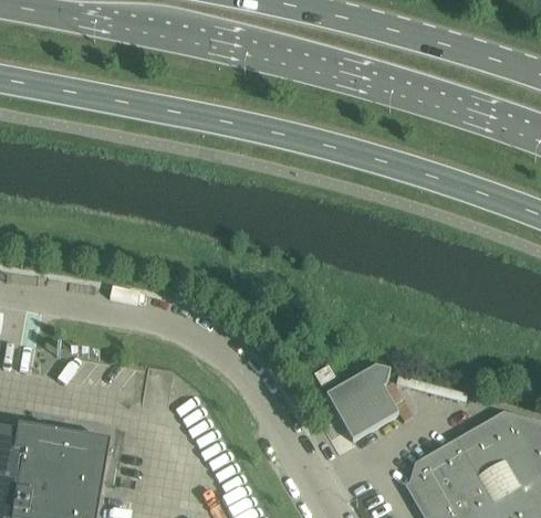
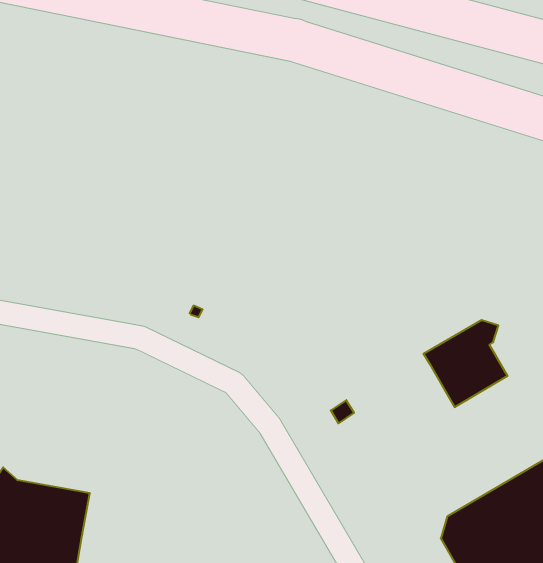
building: [325,366,397,440] -> [423,320,508,407]

